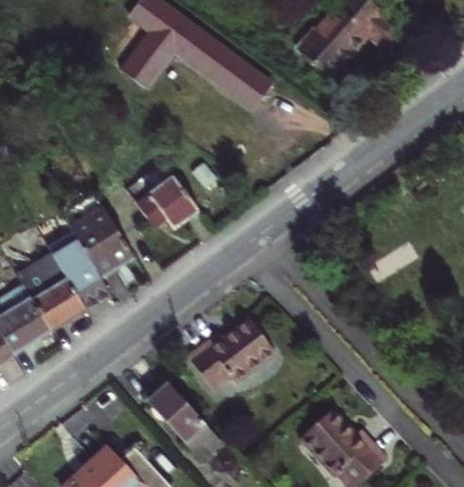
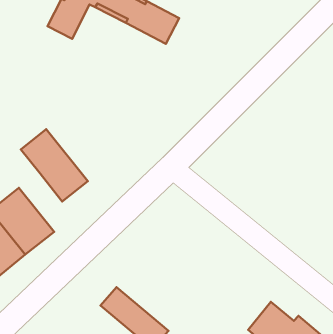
building: [134,173,198,226] -> none
building: [64,231,122,302] -> none
building: [189,325,277,394] -> none

